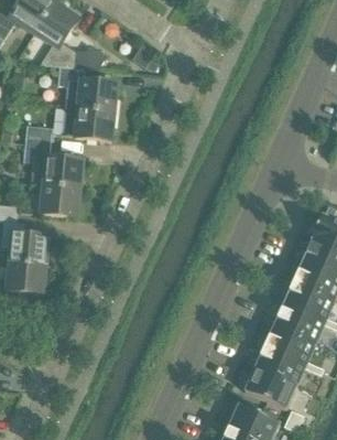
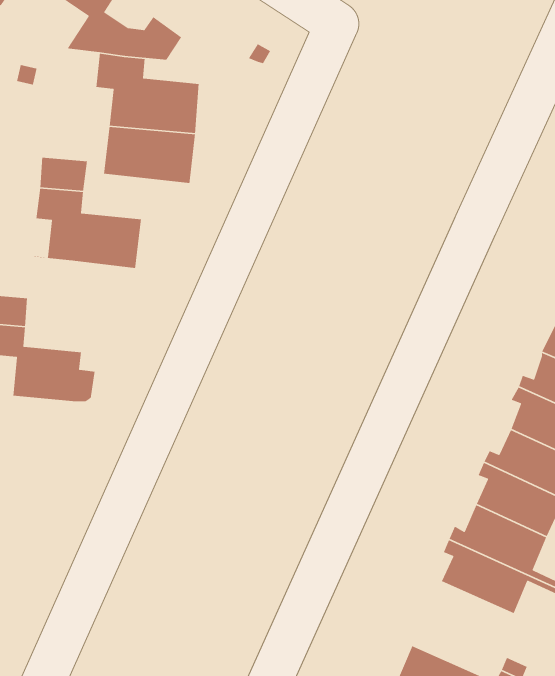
building: [40,184,79,217] -> none
building: [7,261,45,293] -> none
building: [243,367,295,408] -> none

